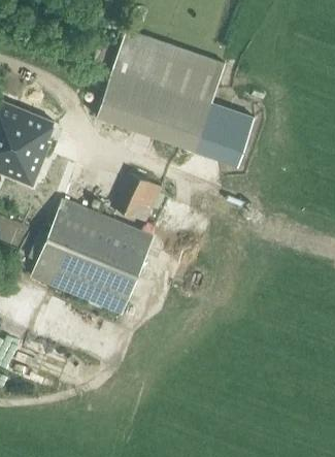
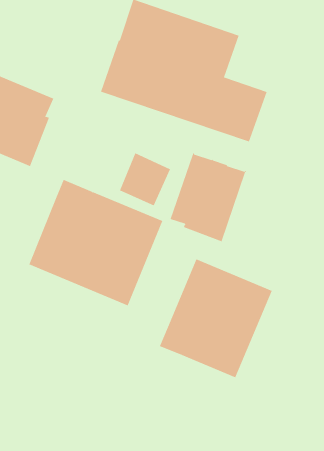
building: none -> [170,152,247,242]
building: none -> [159,259,273,378]

